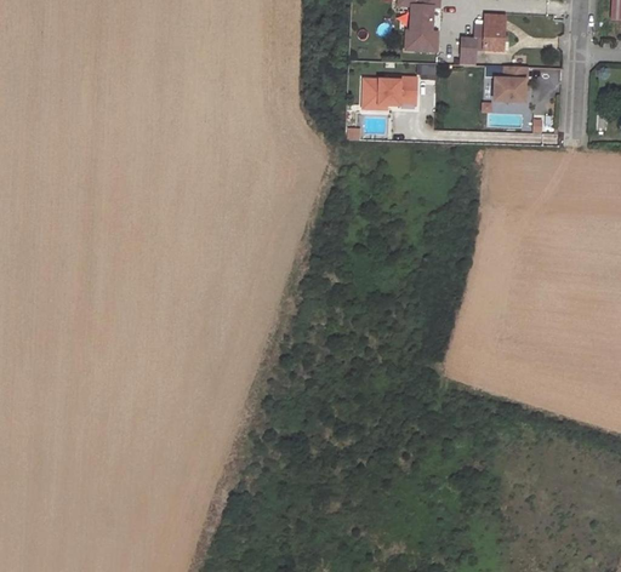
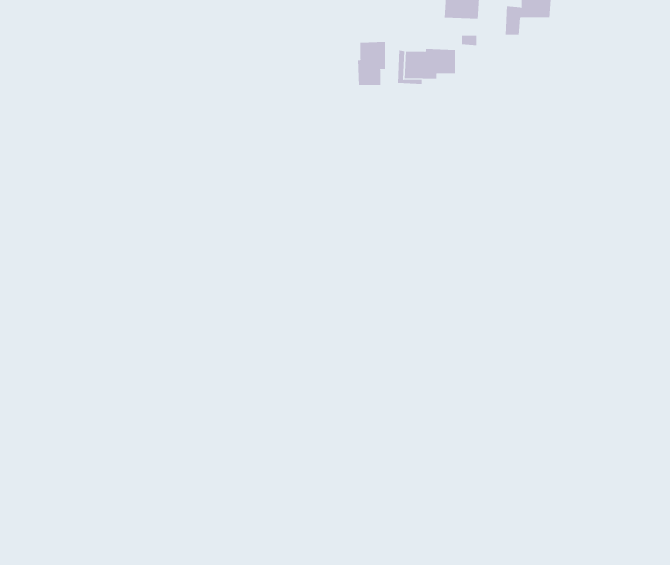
building: [494,67,526,102] -> none
building: none -> [357,41,386,86]

